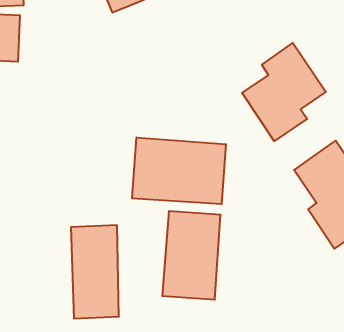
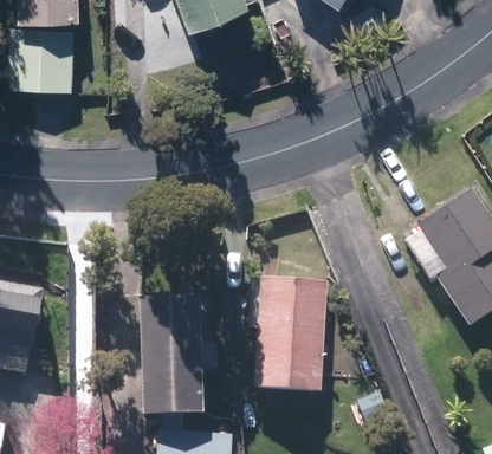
building: [242,43,326,141] -> none
building: [132,137,226,204] -> none

